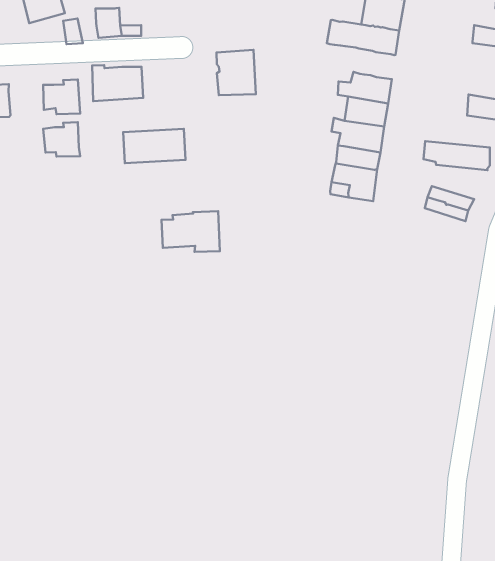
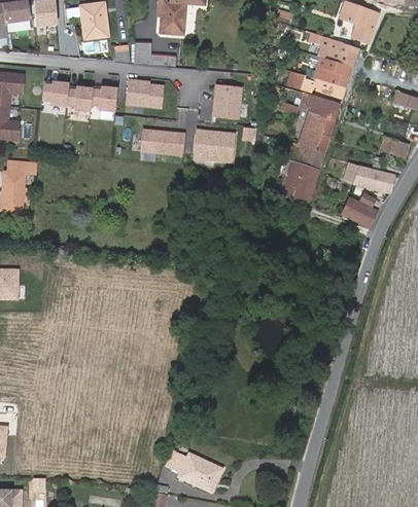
building: none -> [300,92,339,119]
building: [43,122,80,157] -> [66,85,92,110]
building: [161,211,220,252] -> [193,129,235,158]

